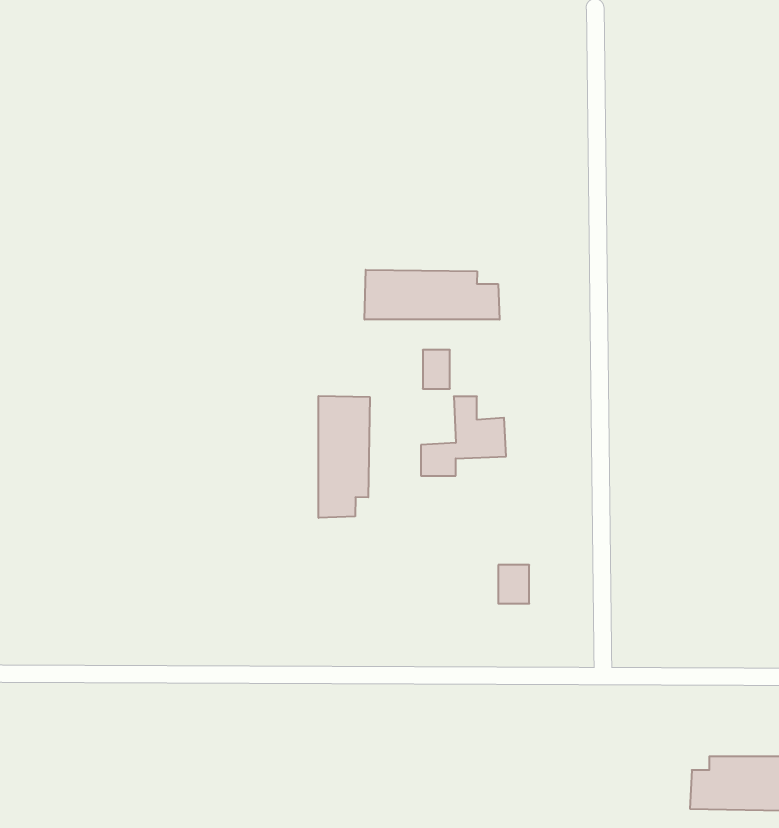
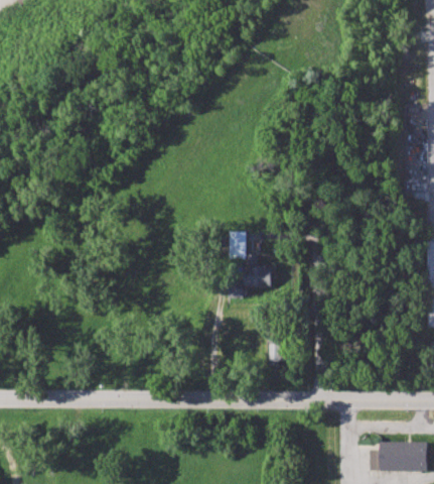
building: [365,270,500,320] -> none
building: [319,396,370,518] -> none

